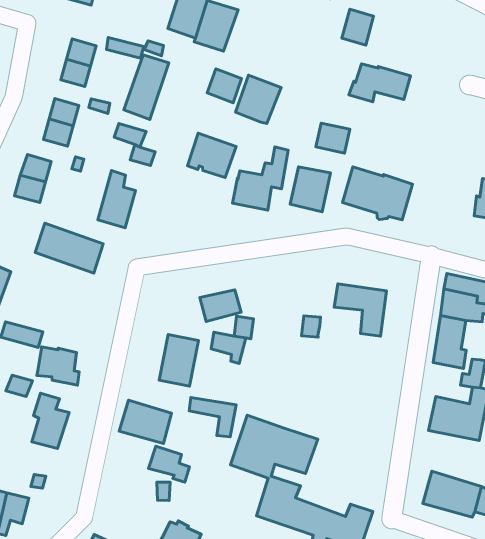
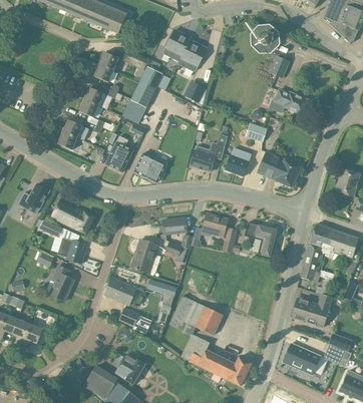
building: [236,75,281,124] -> none
building: [187,133,236,178] -> [133,152,164,181]
building: [35,223,103,273] -> [52,199,94,234]
building: none -> [201,214,228,237]

